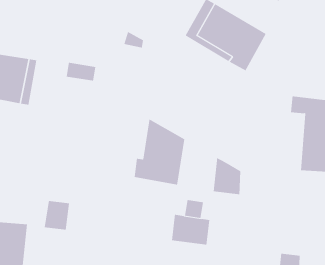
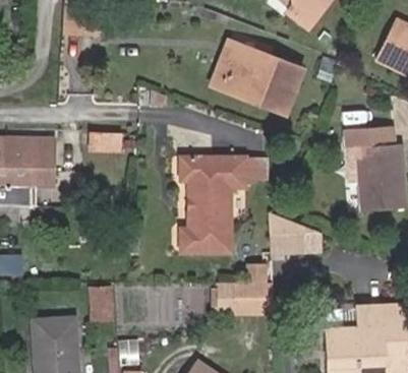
building: none -> [180,156,247,197]

